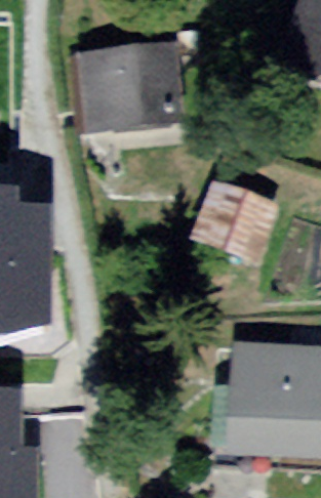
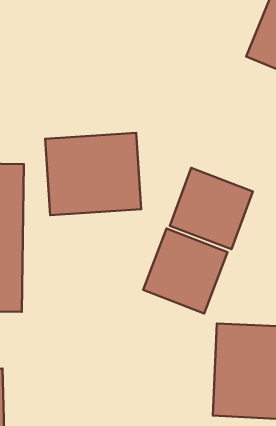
building: [79,45,179,131] -> [45,133,141,215]
building: none -> [143,229,227,314]

